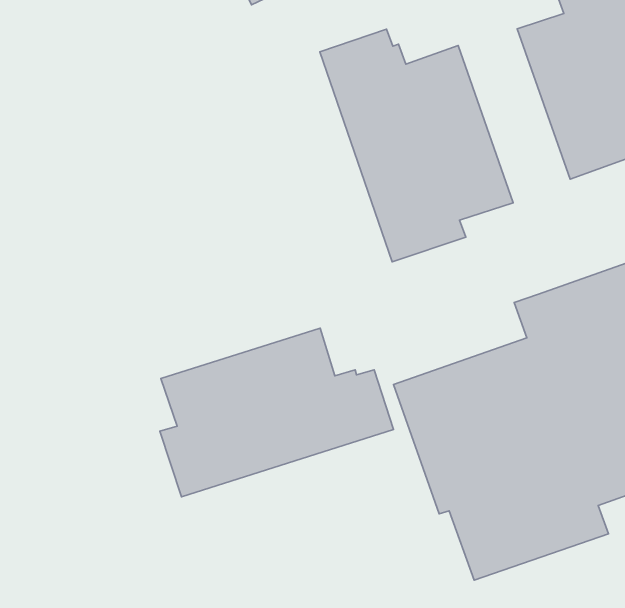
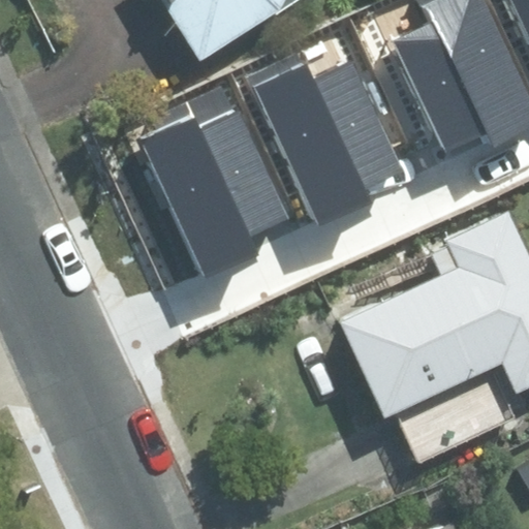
building: none -> [135,82,290,279]
building: [160,328,393,497] -> none

